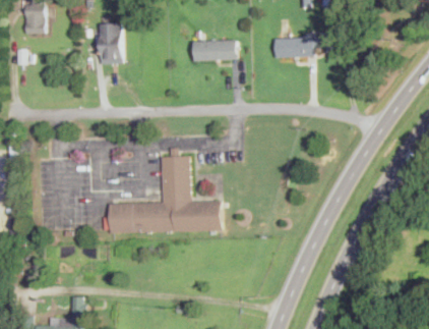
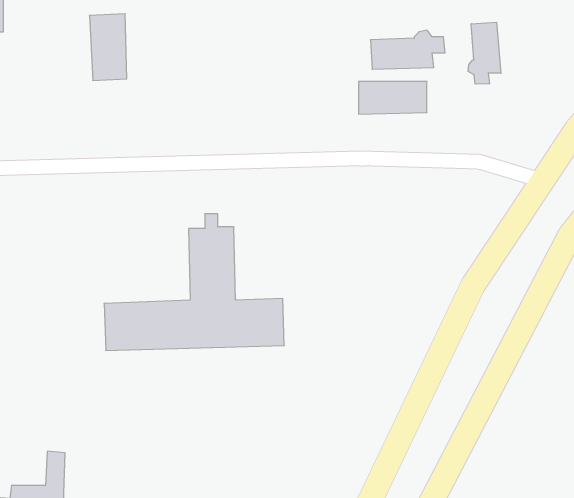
building: none -> [468,22,501,84]
building: [193,41,236,61] -> [359,81,427,114]

